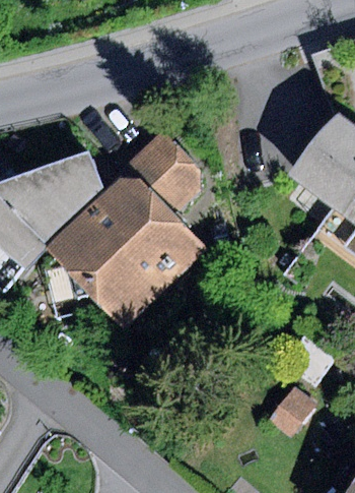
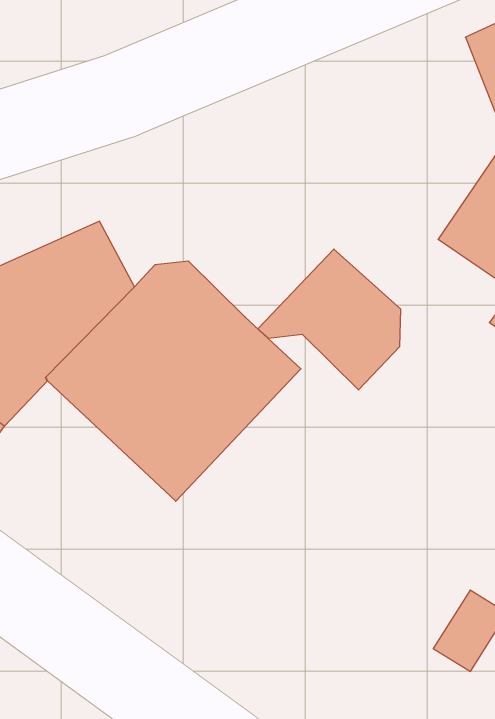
building: [114,130,200,215] -> [258,249,401,390]

